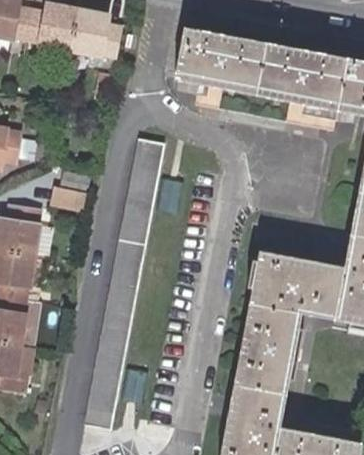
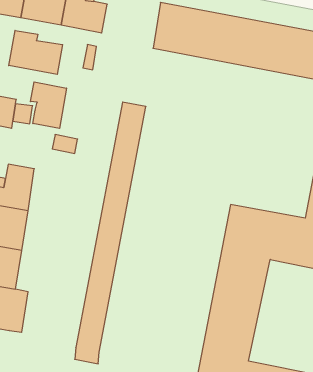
building: none -> [9,30,63,74]
building: none -> [30,82,66,128]

